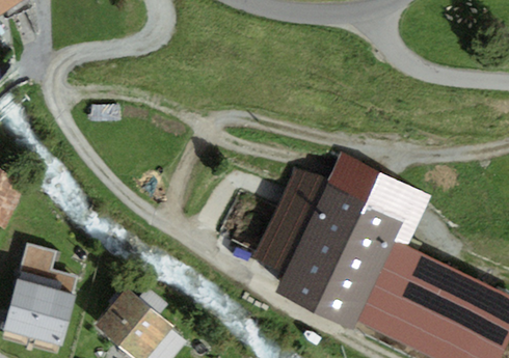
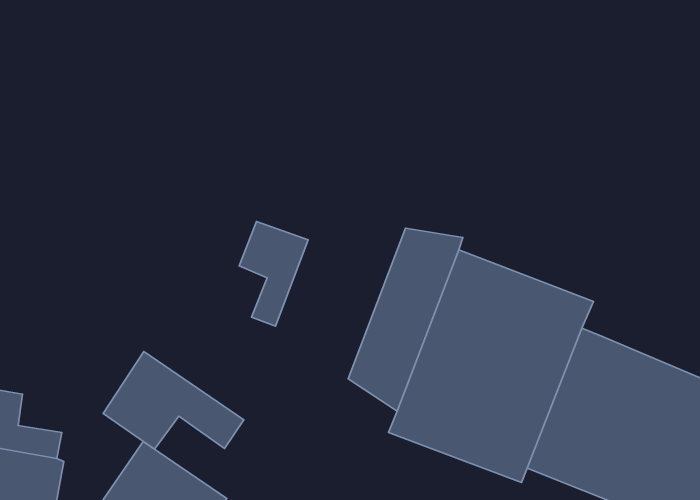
building: [324,153,431,245] -> none
building: none -> [239,221,308,326]
building: none -> [103,351,244,449]

